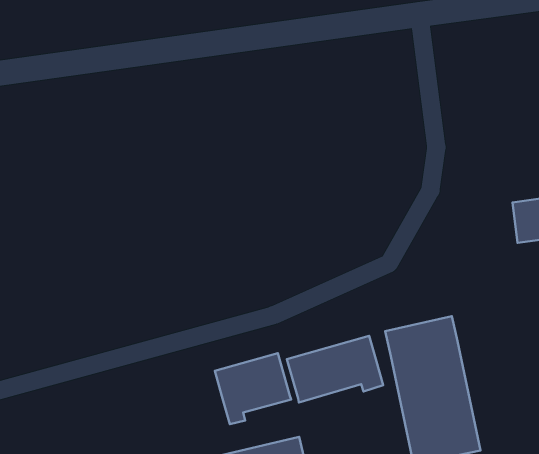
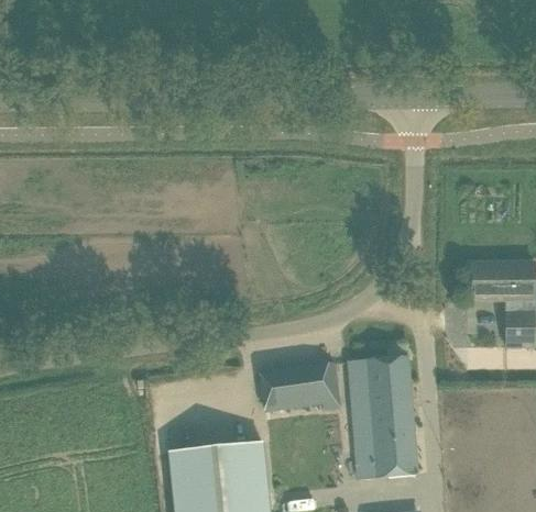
building: [215,353,291,424] -> none

